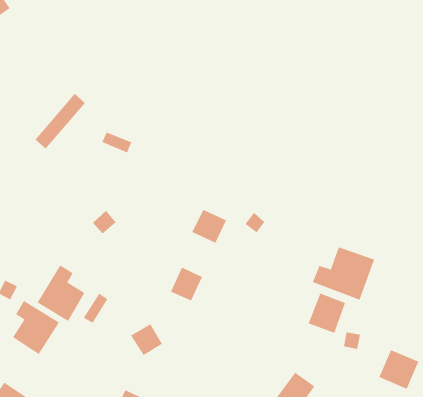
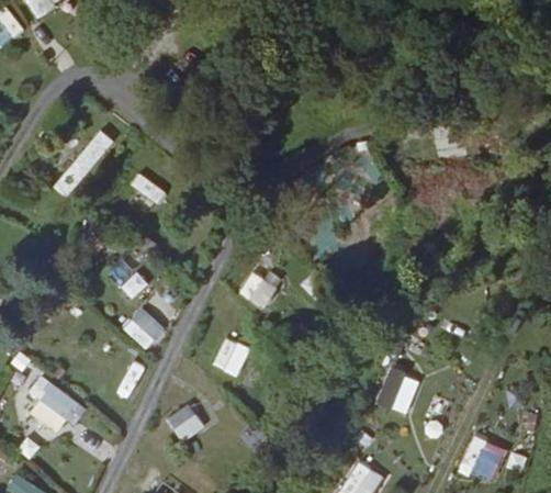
building: none -> [124,306,167,349]
building: [312,247,375,300] -> none
building: [37,265,85,322] -> none

